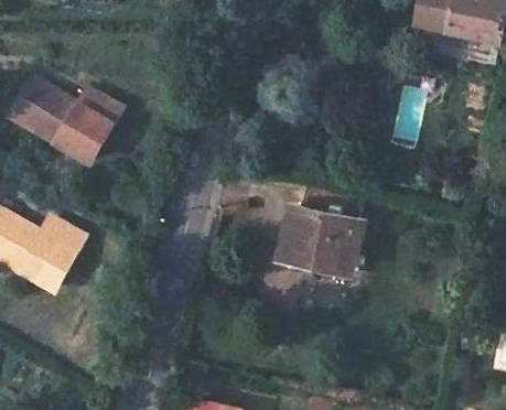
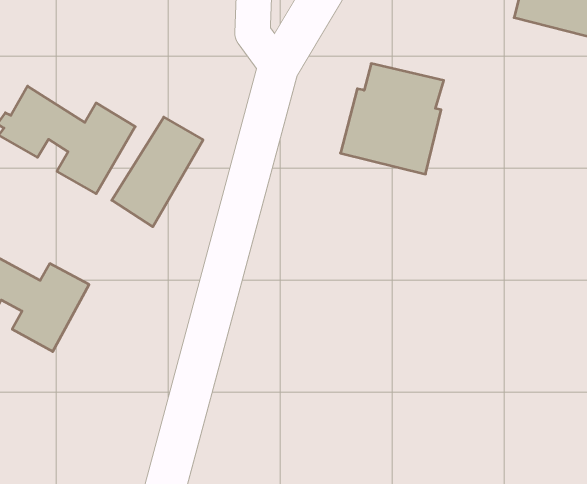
building: none -> [112,117,203,227]
building: [279,187,360,274] -> [340,64,444,174]

